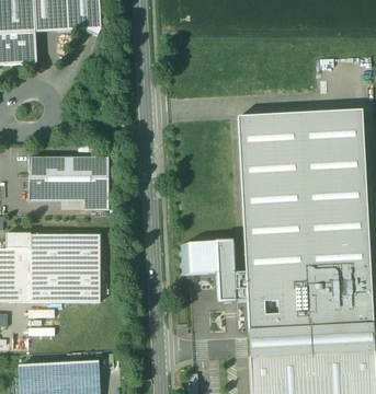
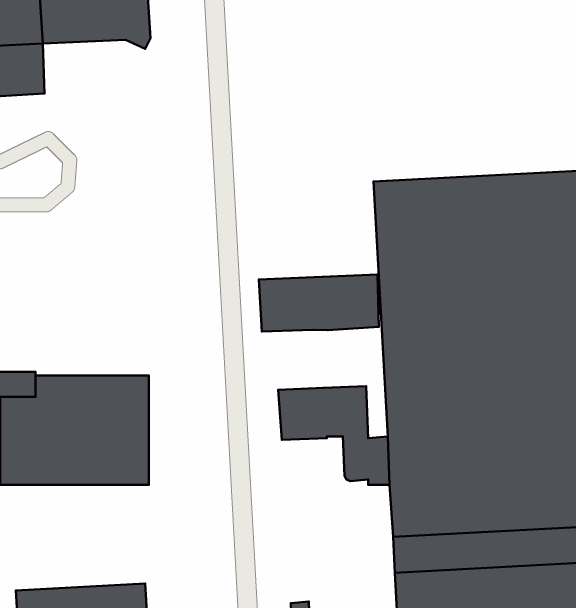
building: [29,157,109,209] -> none
building: none -> [259,275,379,331]

